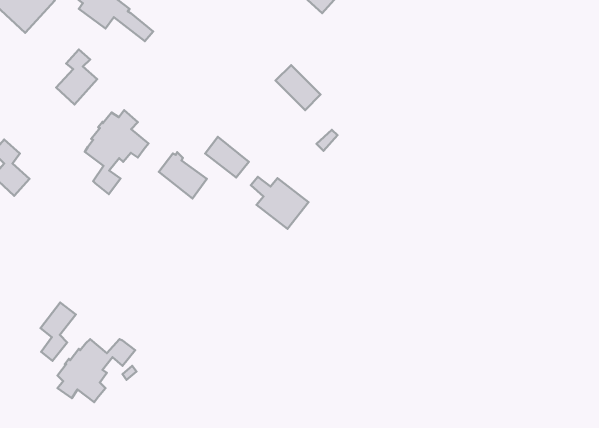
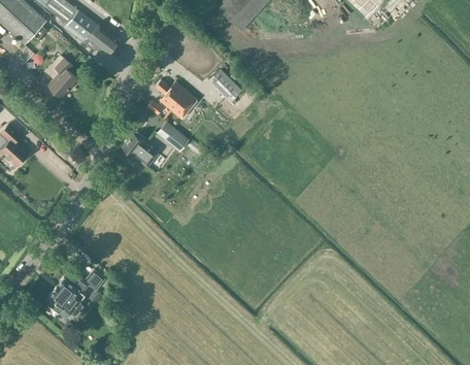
building: [85,110,149,194] -> none
building: [251,177,308,229] -> [157,80,199,119]
building: [40,302,76,361] -> none

